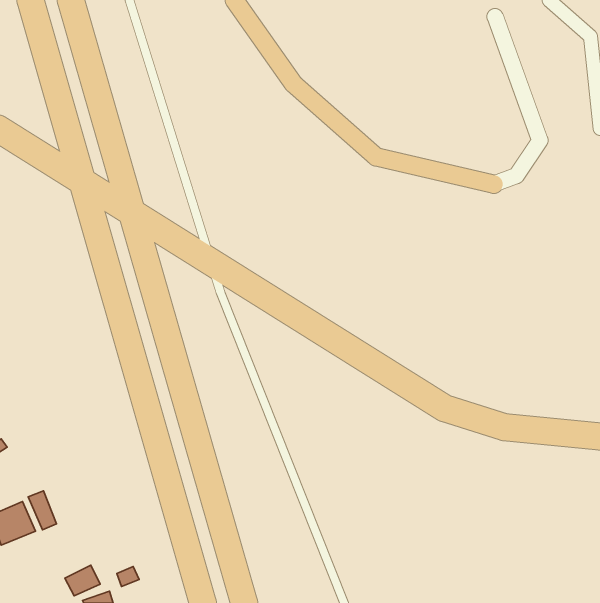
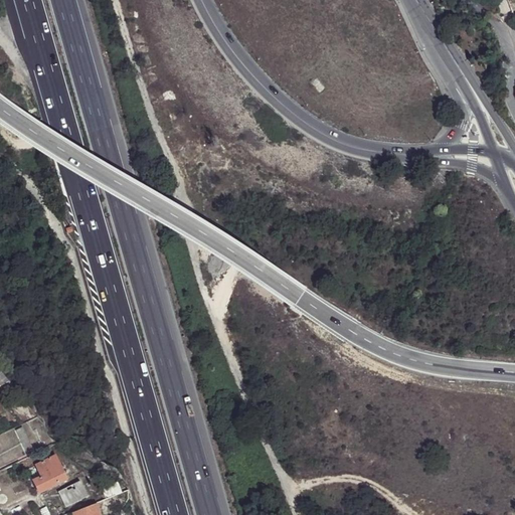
building: none -> [32,456,64,493]

